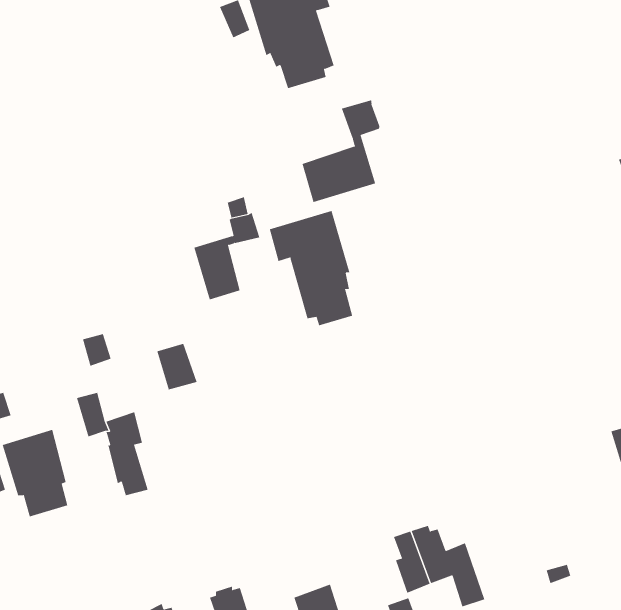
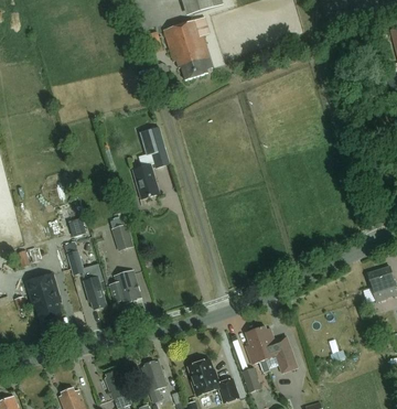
building: [302,99,380,203] -> none
building: [269,210,353,326] -> none
building: none -> [110,272,141,302]

